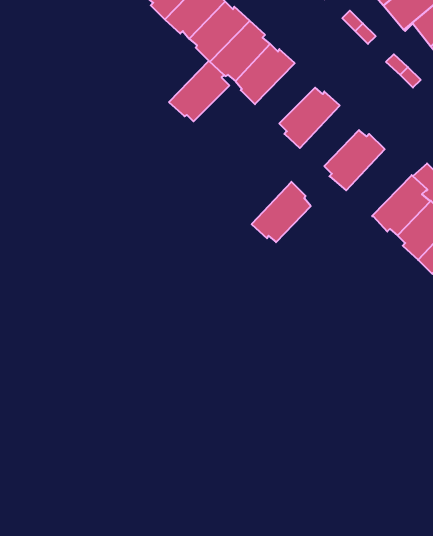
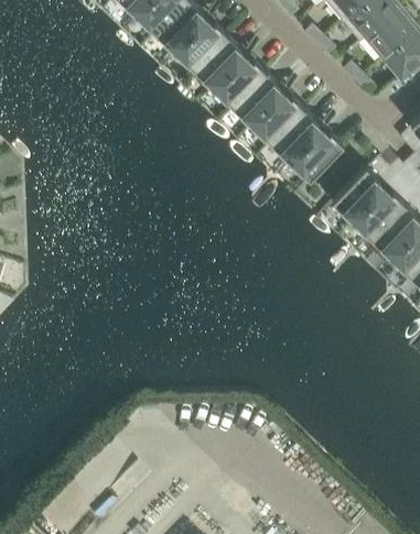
building: [169,61,229,121] -> [231,75,283,127]
building: [252,182,311,242] -> [270,111,321,163]

